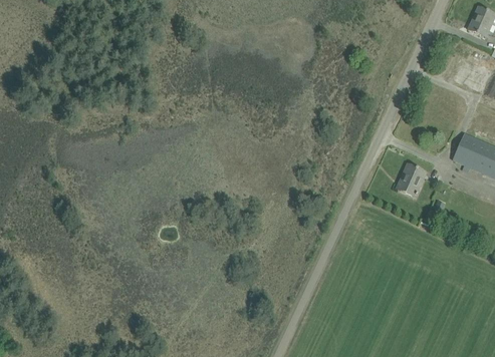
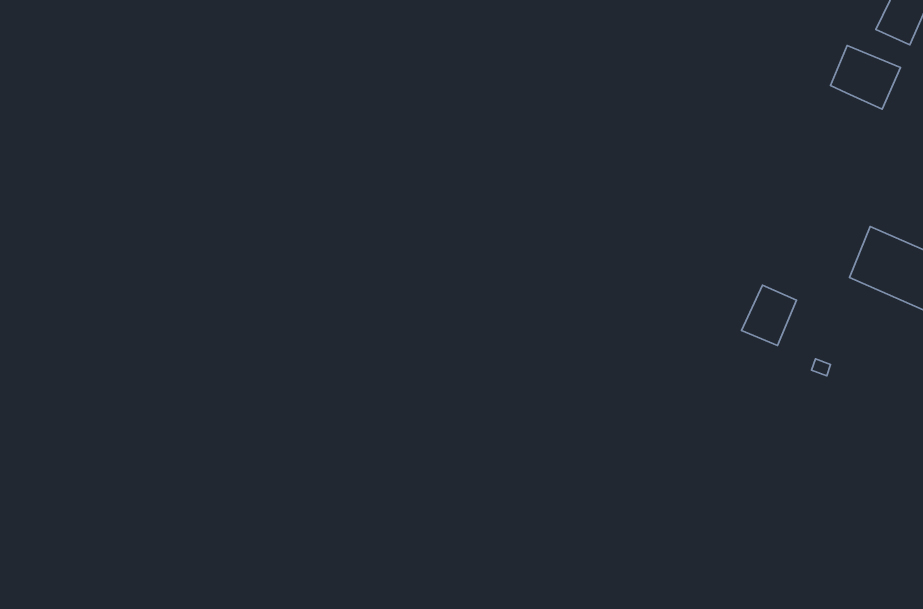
building: none -> [830,46,901,109]

